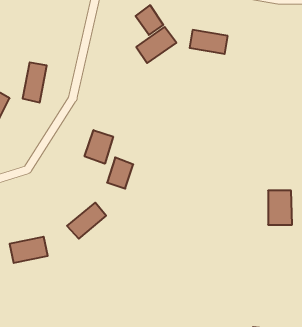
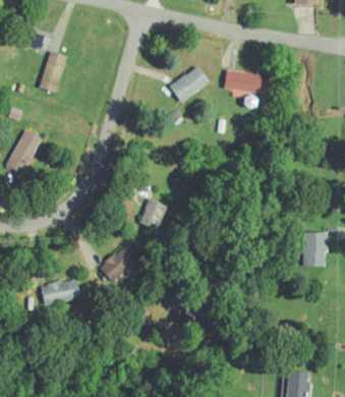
building: [136,5,163,35] -> none
building: [23,62,47,103] -> [41,52,65,93]
building: [85,130,113,164] -> none

